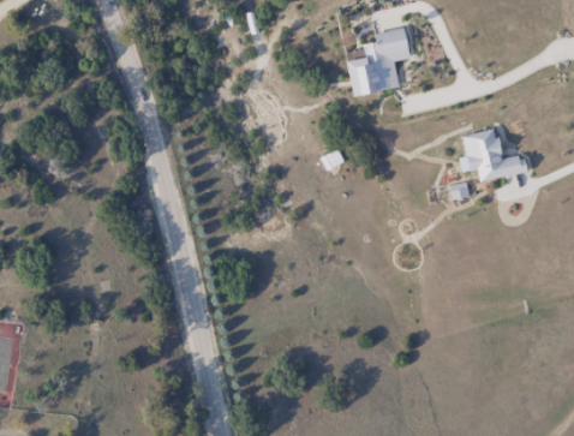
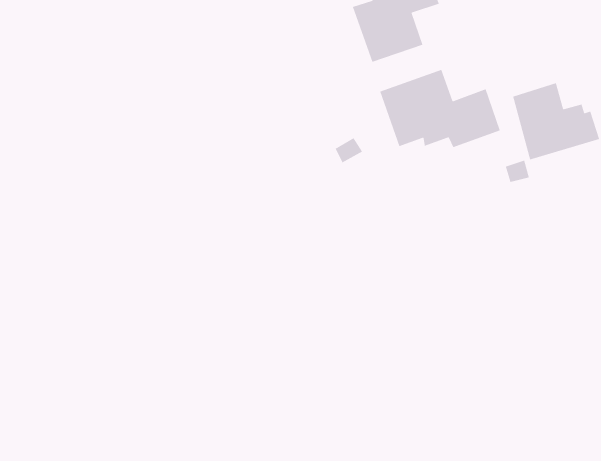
building: none -> [379,69,501,148]

